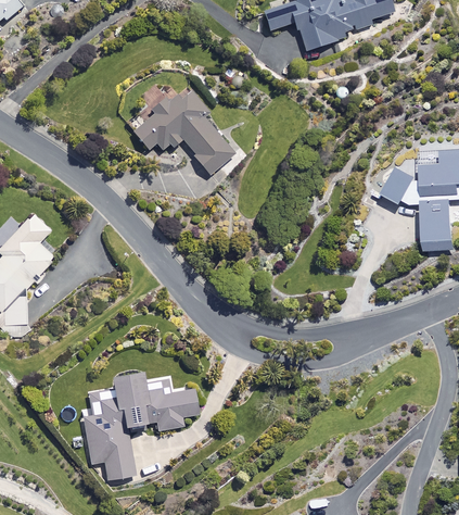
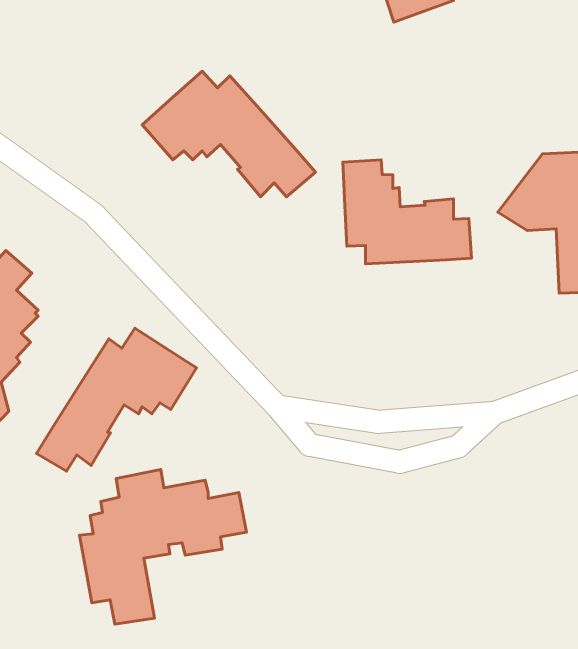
building: none -> [343,160,471,264]
building: none -> [36,328,197,471]

